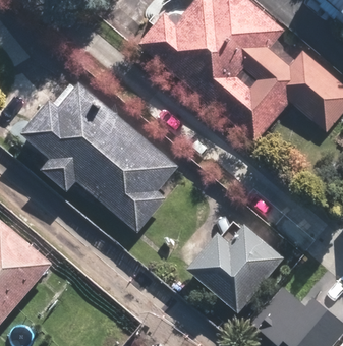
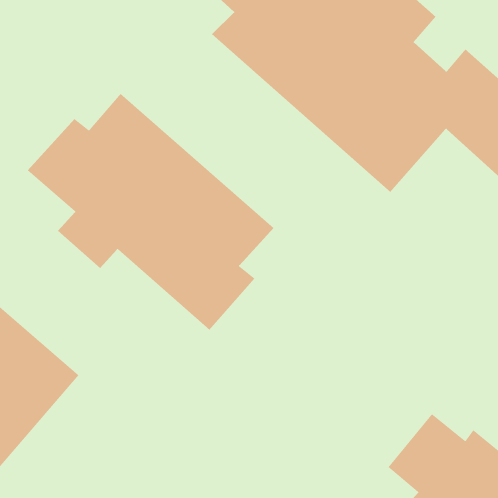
building: [189,222,289,312] -> none

